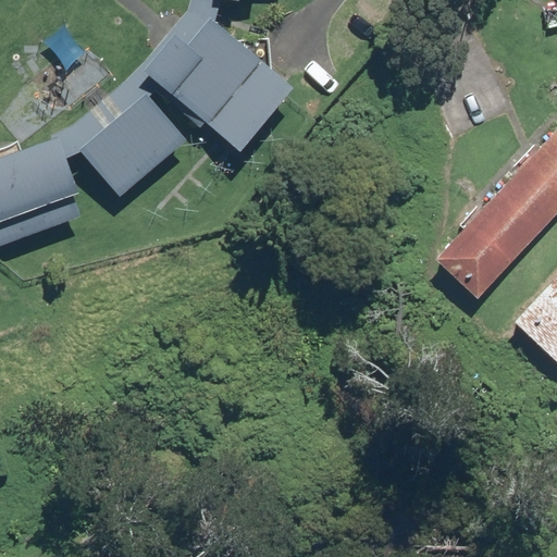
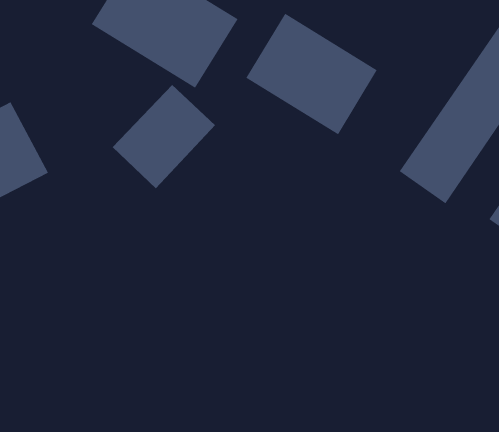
building: none -> [246,13,378,135]
building: [79,94,186,196] -> [112,84,216,189]

